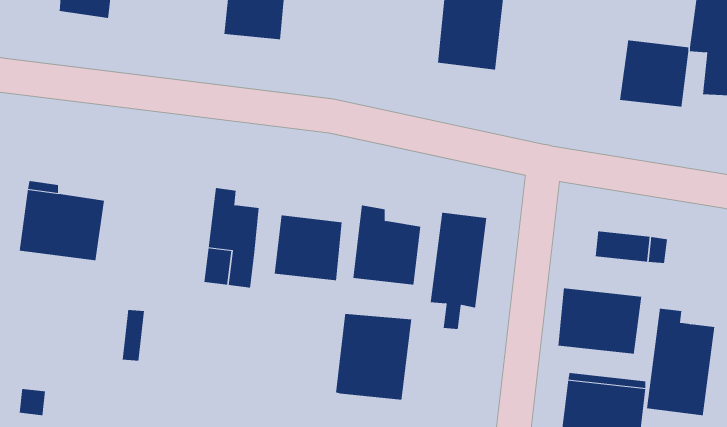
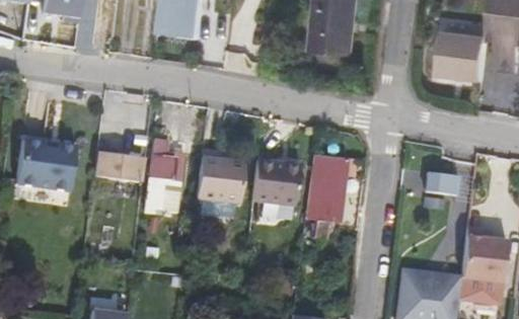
building: none -> [94,151,144,182]
building: [558,288,642,354] -> none
building: [335,313,412,401] -> none

